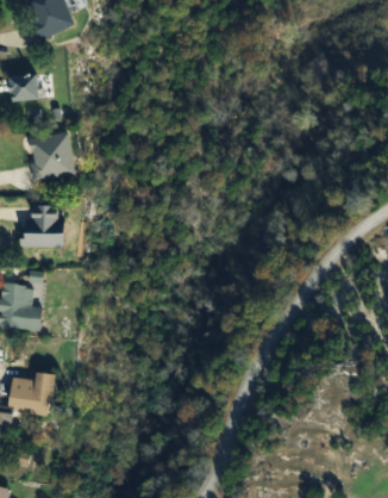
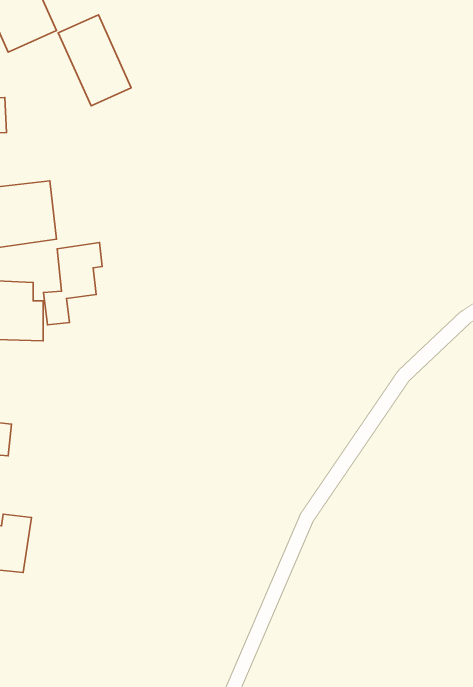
building: none -> [58,15,131,106]
building: none -> [44,242,102,325]

